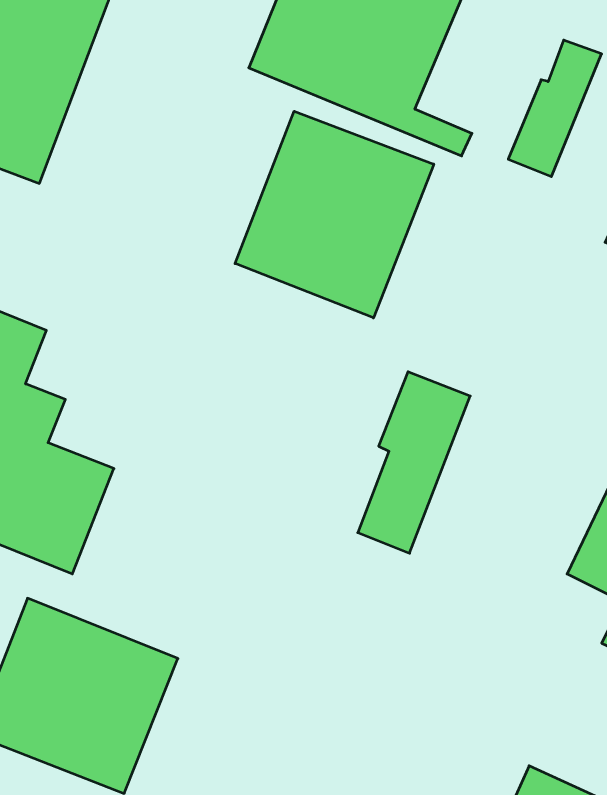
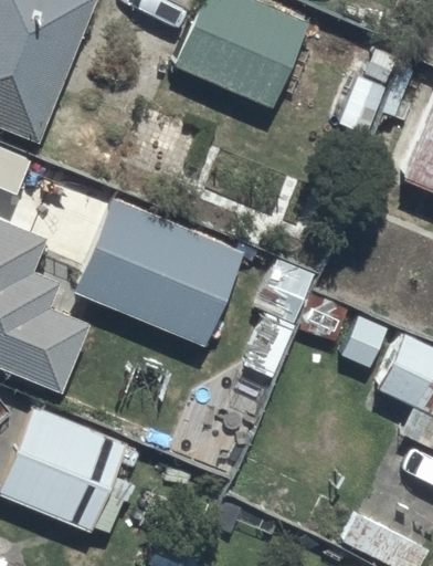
building: [235,111,434,318] -> none
building: none -> [72,197,244,360]

